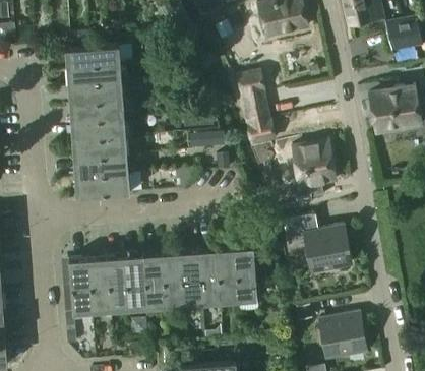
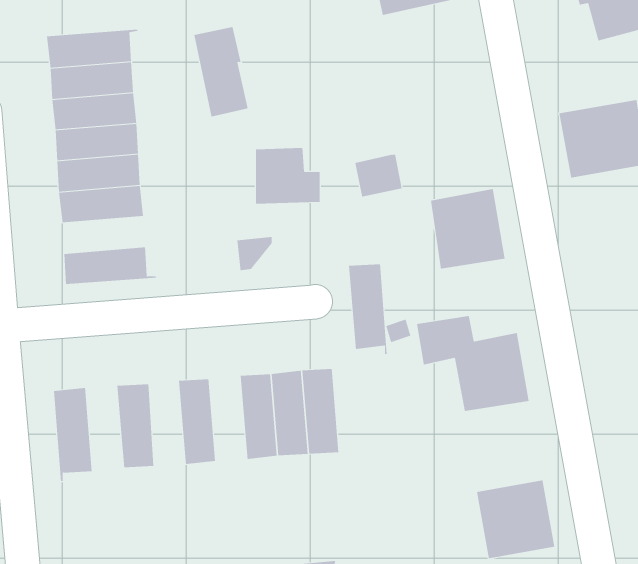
building: [238,72,270,126] -> [194,26,248,117]
building: [74,158,124,180] -> none
building: [235,247,258,301] -> [348,264,388,354]
building: [162,252,184,303] -> none
building: [126,255,147,306] -> none
building: [88,258,111,309] -> none

